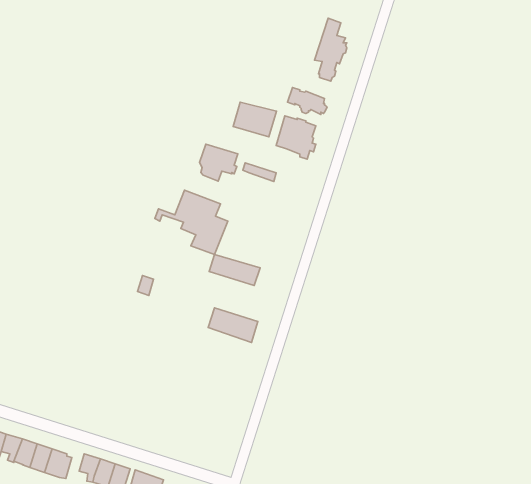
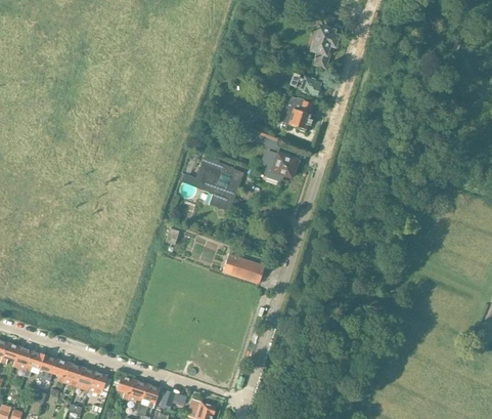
building: [233,102,277,137] -> none
building: [200,144,238,181] -> [265,152,297,182]
building: [209,254,260,285] -> none

